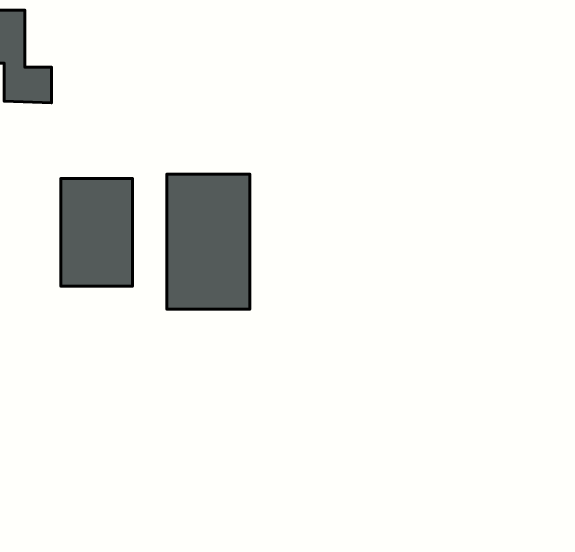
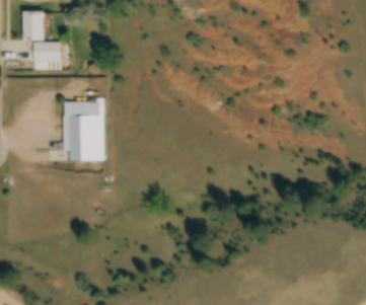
building: [167,174,250,309] -> none

